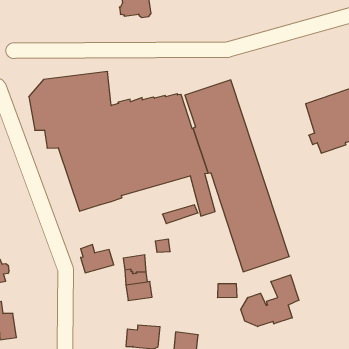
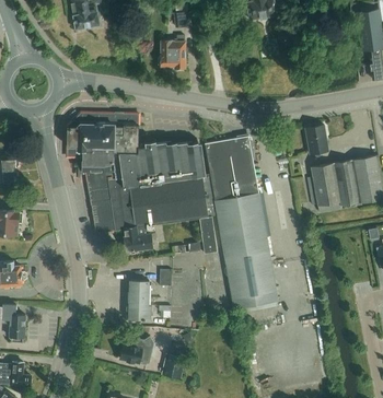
building: none -> [305,125,328,154]
building: [81,245,114,273] -> [124,227,152,251]
building: [241,275,299,327] -> none

